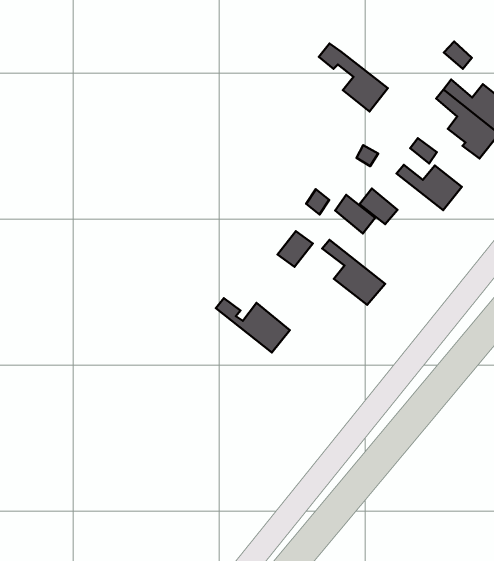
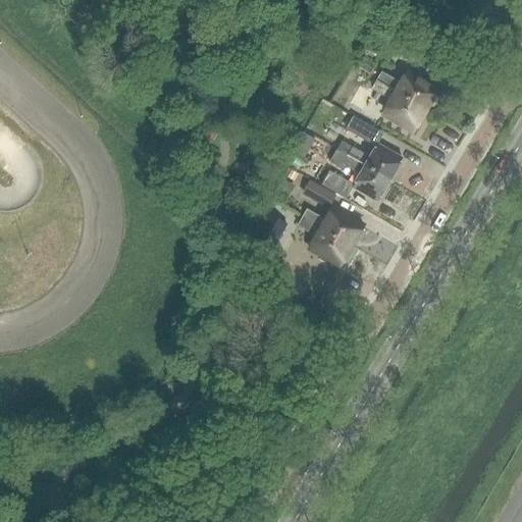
building: [319,44,388,112] -> [330,149,390,200]
building: [216,298,290,352] -> [301,207,364,246]

